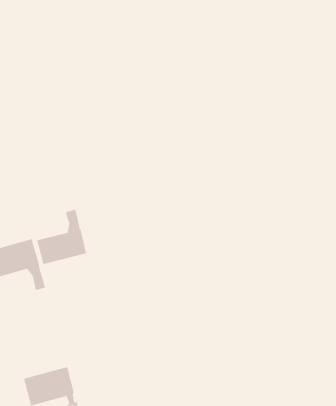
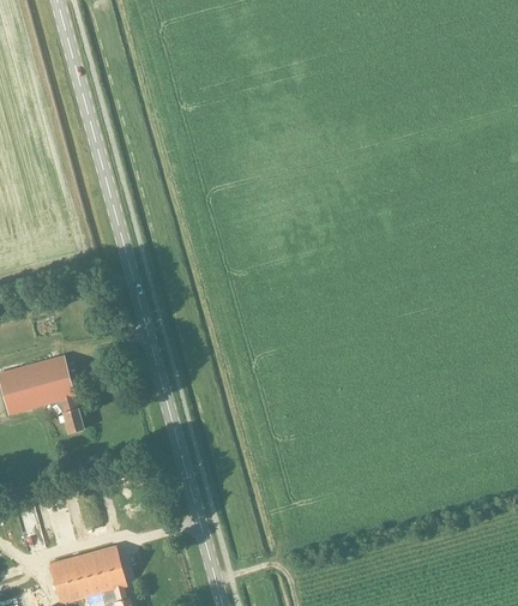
building: [36,209,87,265] -> none

